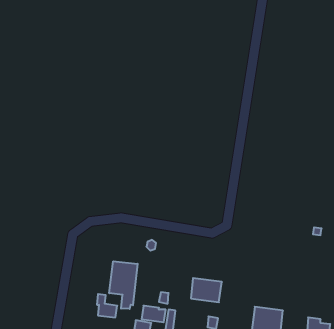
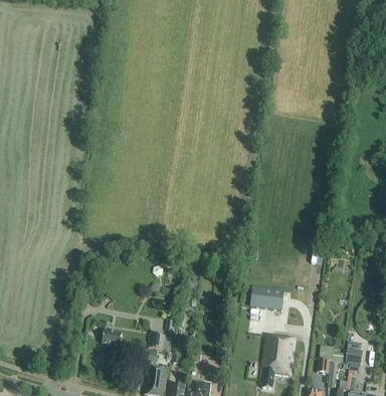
building: [109,261,138,309] -> none
building: [191,278,222,302] -> [251,284,283,310]

